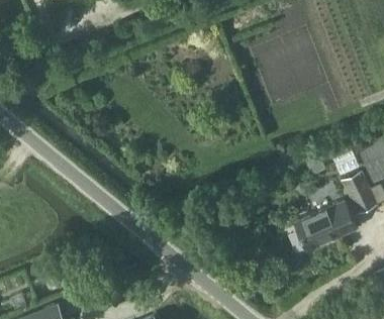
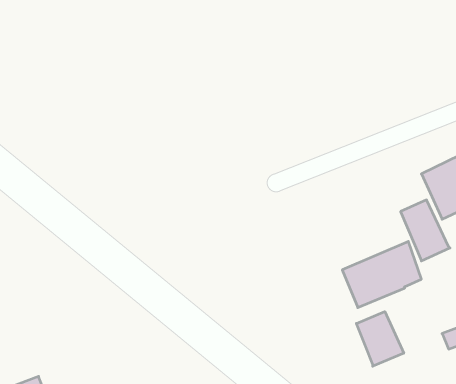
building: none -> [356,312,404,366]

